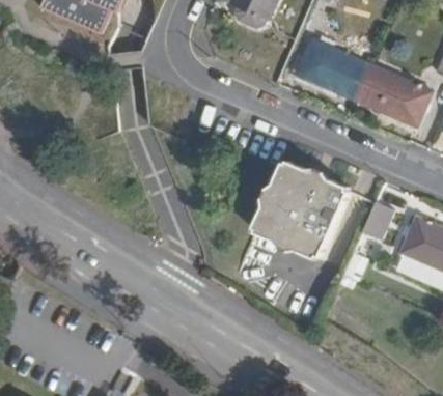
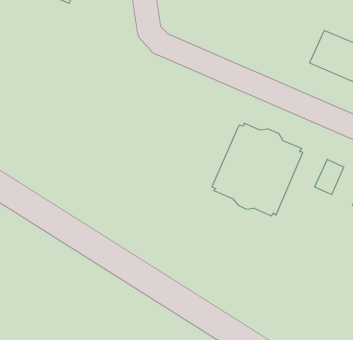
building: [298,37,371,98] -> none

